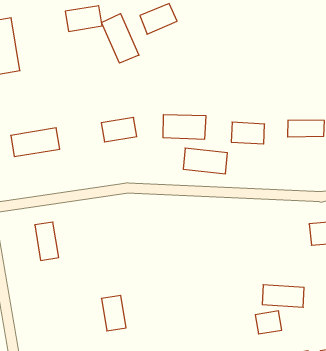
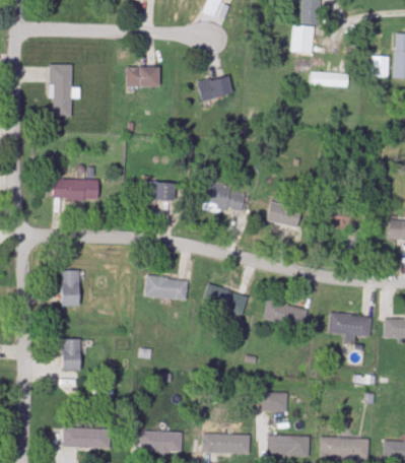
building: [102,14,139,63] -> none
building: [183,148,227,174] -> [202,283,248,315]
building: none -> [144,275,188,301]
building: [262,285,304,307] -> [263,300,307,328]
building: [101,295,126,331] -> [62,339,81,372]

